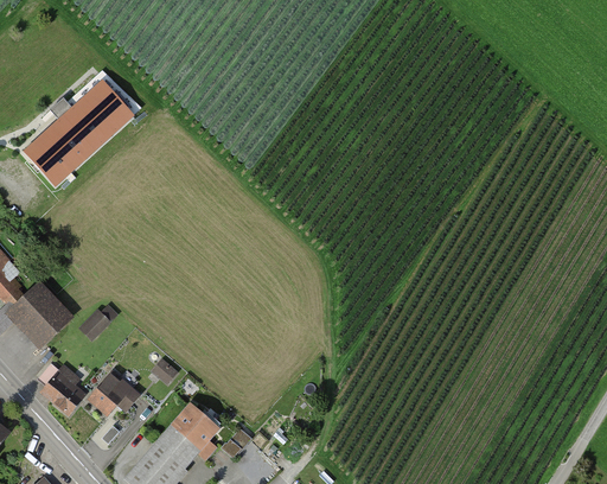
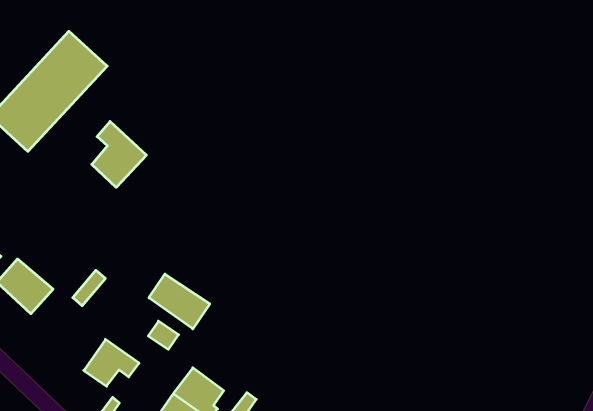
building: none -> [92,121,146,187]
building: none -> [149,274,210,329]
building: [39,363,85,414] -> none

